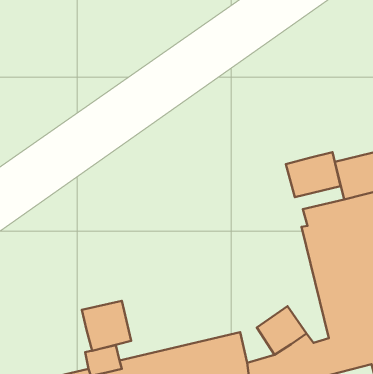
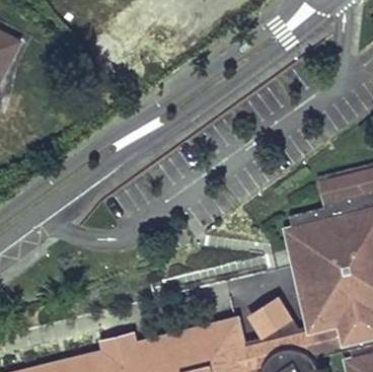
building: [286,152,341,197] -> none
building: [82,301,131,351] -> none

